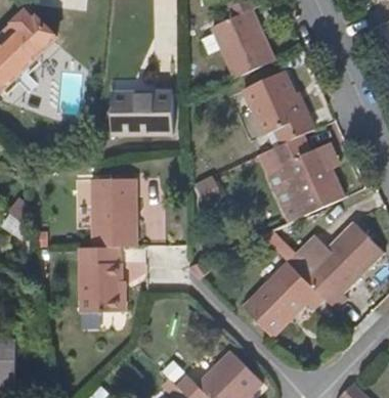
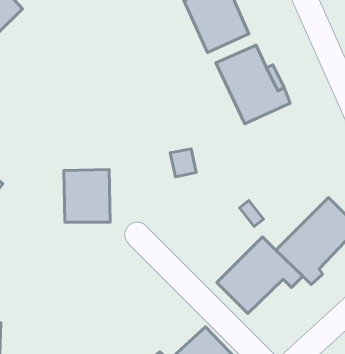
building: [112,91,172,135] -> none
building: [272,129,345,215] -> none
building: [78,247,123,311] -> none

